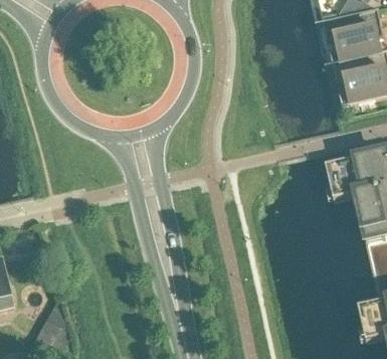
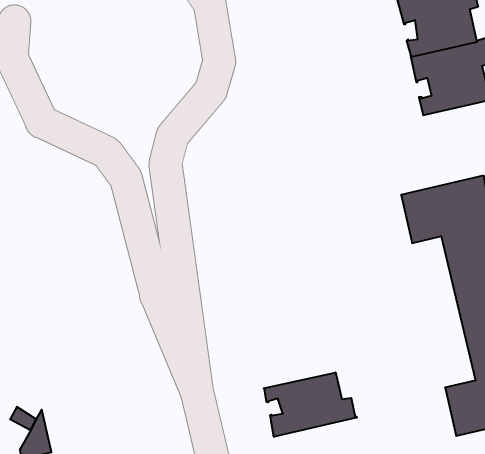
building: none -> [264,372,357,437]

